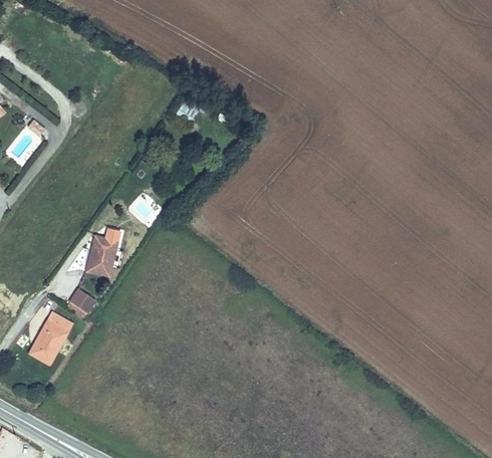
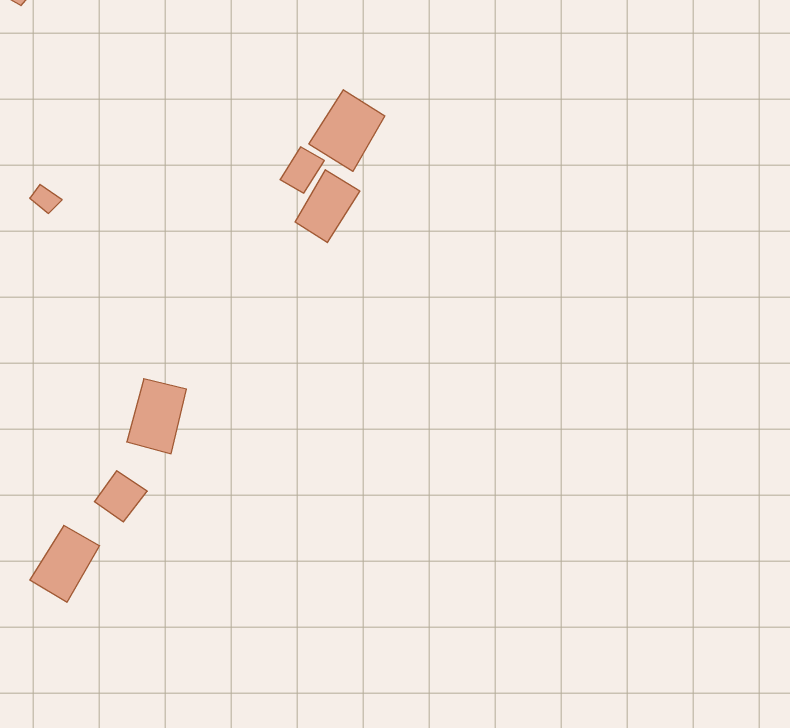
building: none -> [309,90,385,171]
building: none -> [295,170,360,243]

